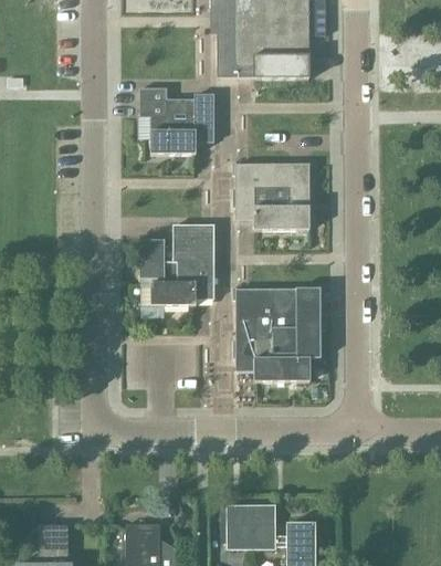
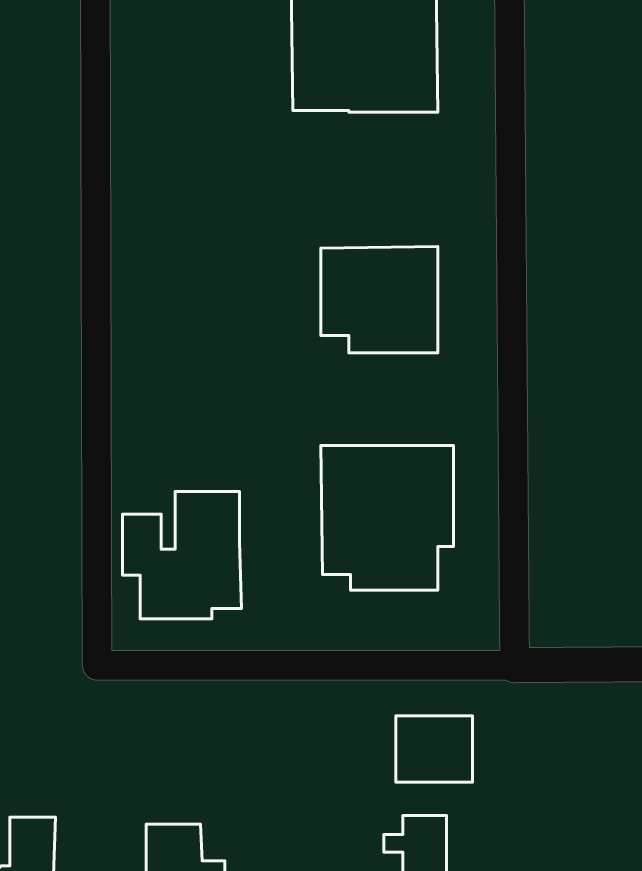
building: [139,87,213,154] -> none
building: [139,224,214,305] -> [123,491,241,619]
building: [227,504,275,546] -> [396,716,473,782]

